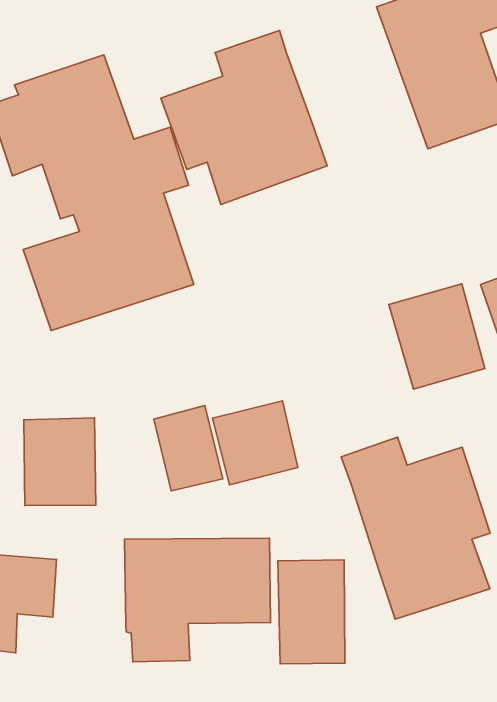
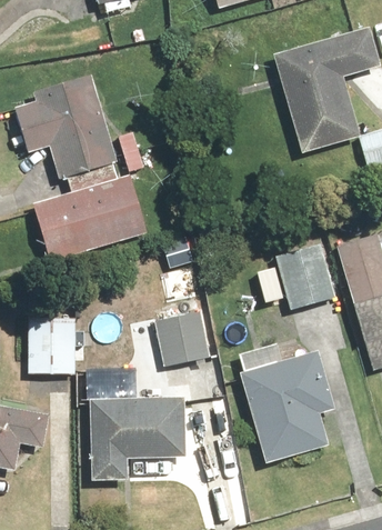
building: [161,31,327,204] -> none
building: [154,405,223,491] -> none
building: [278,560,345,664] -> none

